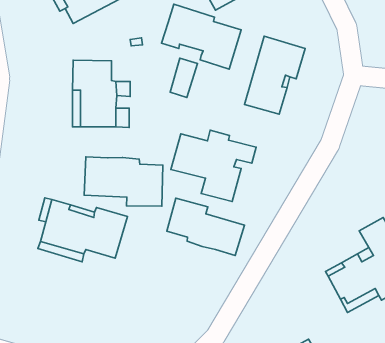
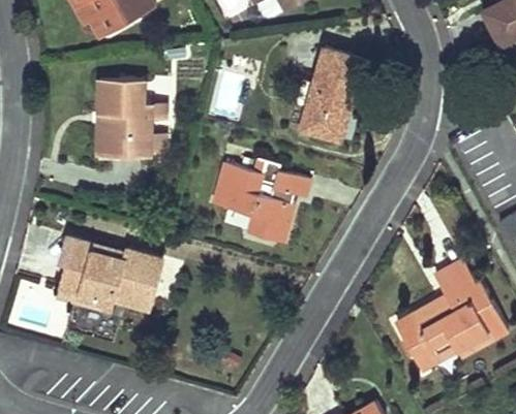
building: [161,4,241,69] -> none
building: [84,157,163,206] -> none
building: [167,198,244,255] -> none

